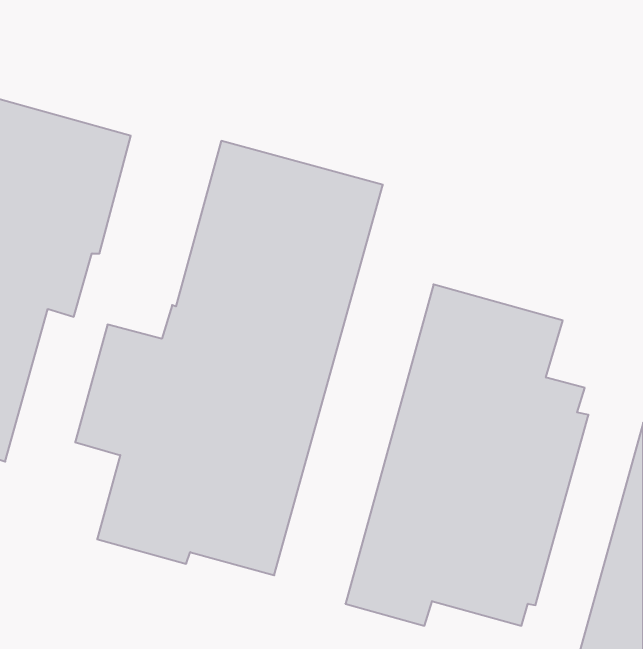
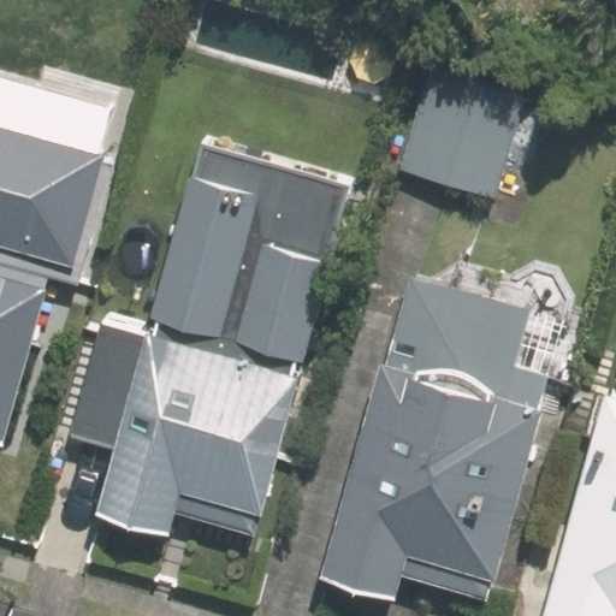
building: none -> [392,75,519,199]

